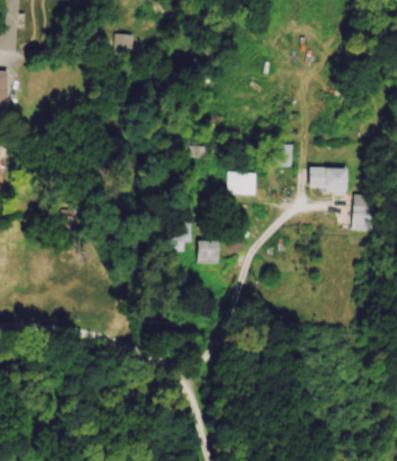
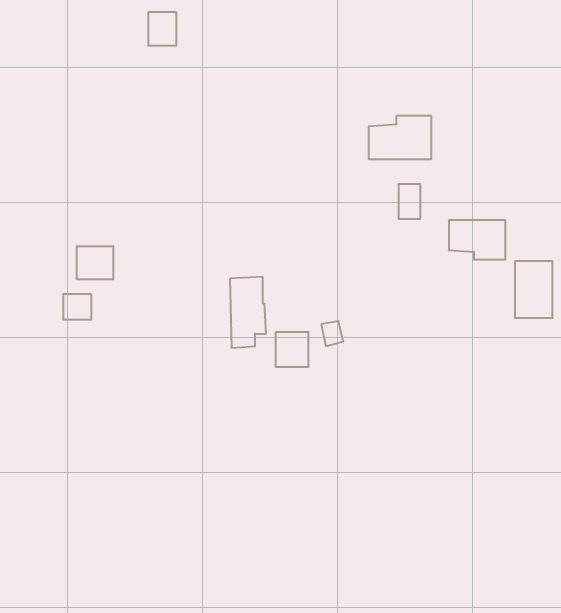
building: none -> [369,116,431,159]
building: [227,172,255,195] -> none
building: none -> [77,246,113,279]

